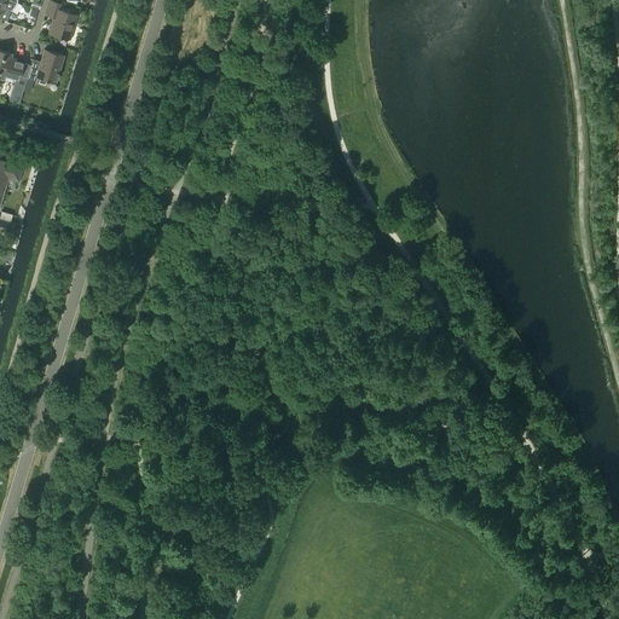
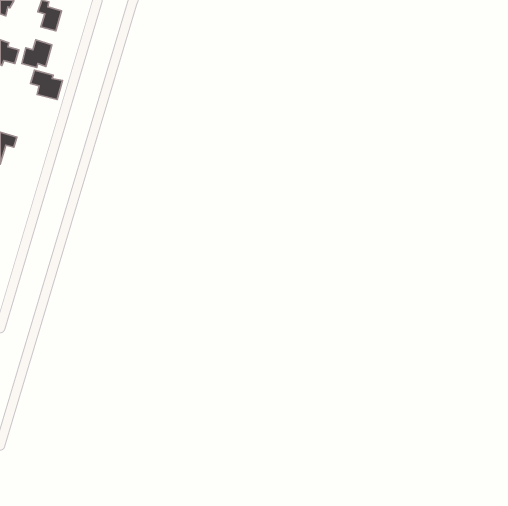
building: none -> [30,70,62,100]

